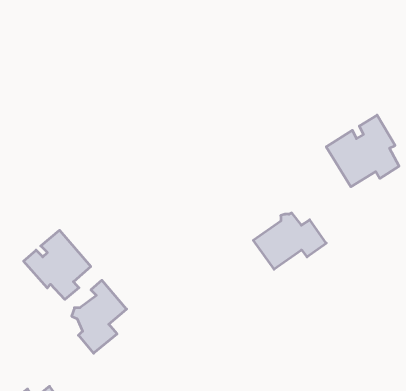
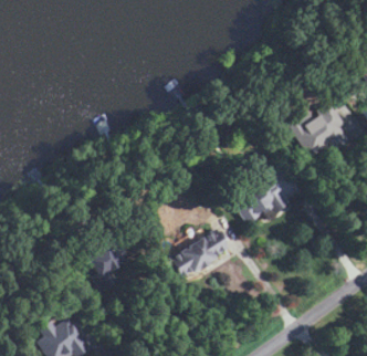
building: [24,230,91,299] -> none
building: none -> [170,228,230,279]

